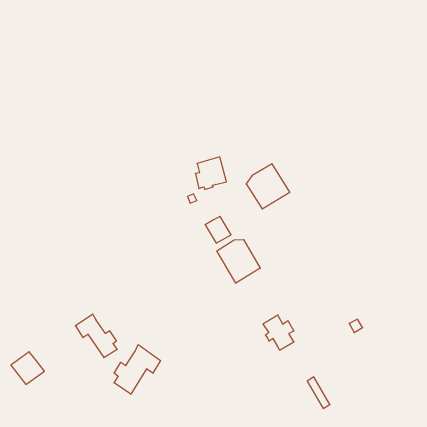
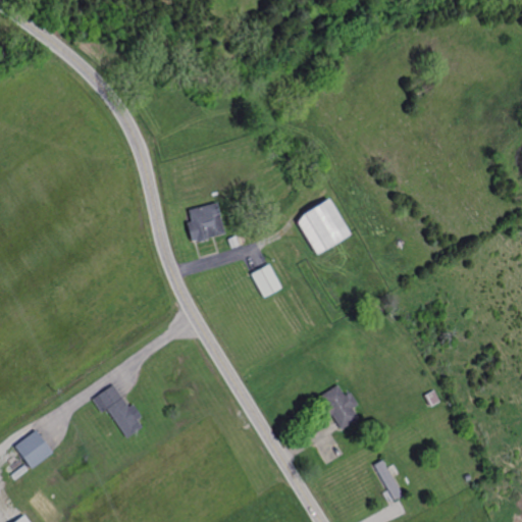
building: [195,157,226,189] -> [188,203,225,243]
building: [217,240,260,283] -> none
building: [114,345,160,394] -> none

